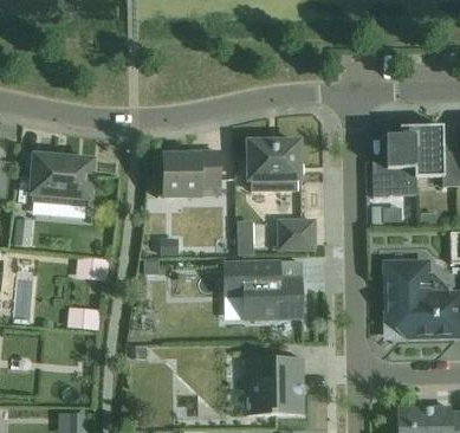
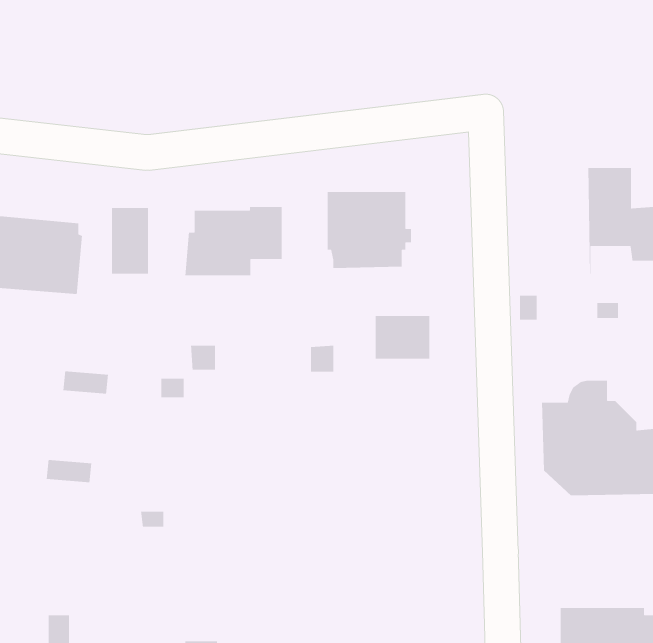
building: [372,125,416,196] -> none
building: none -> [111,207,149,274]
building: [223,261,303,318] -> none
building: [246,357,304,415] -> none

